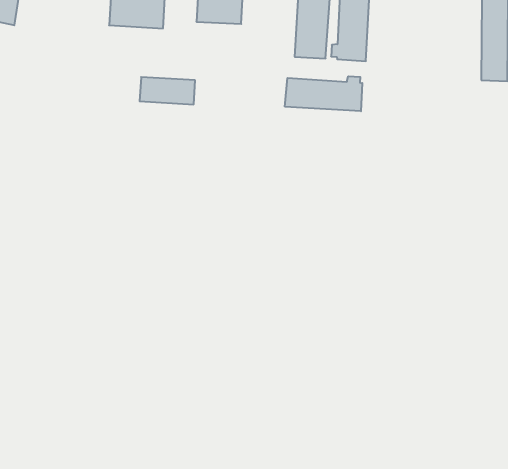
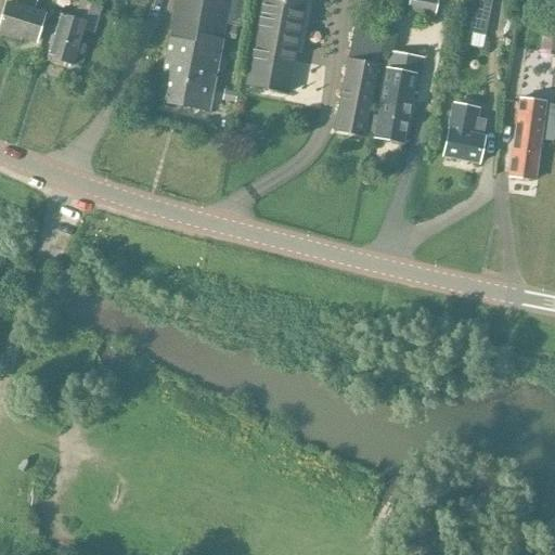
building: none -> [444,103,485,163]
building: [285,76,362,111] -> none
building: [140,77,195,104] -> [159,76,215,108]

